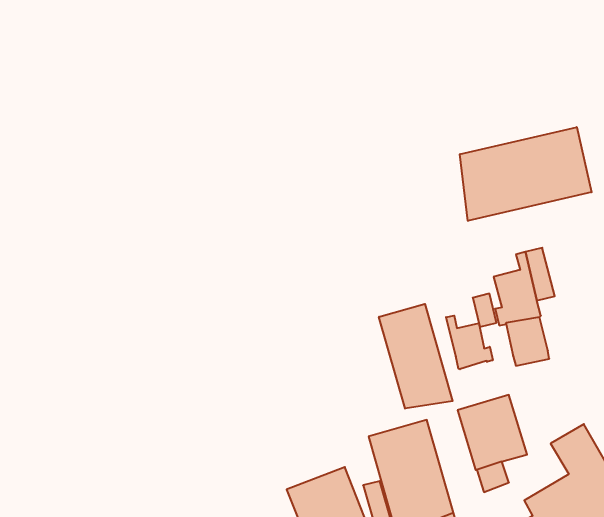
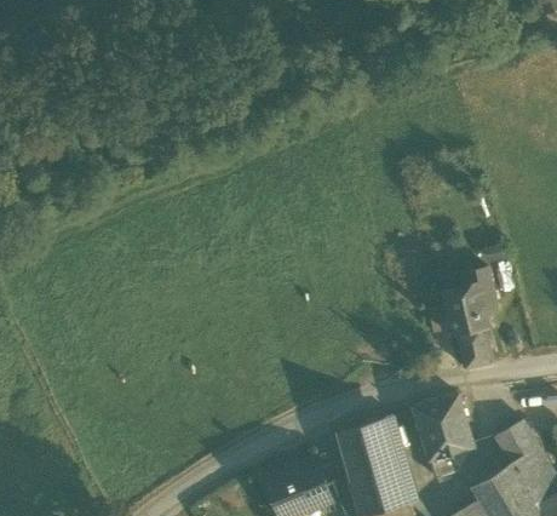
building: [460,127,592,221] -> none
building: [379,304,453,409] -> none
building: [446,316,493,369] -> none

